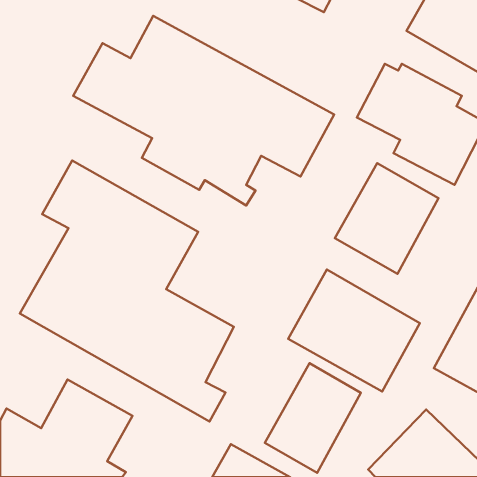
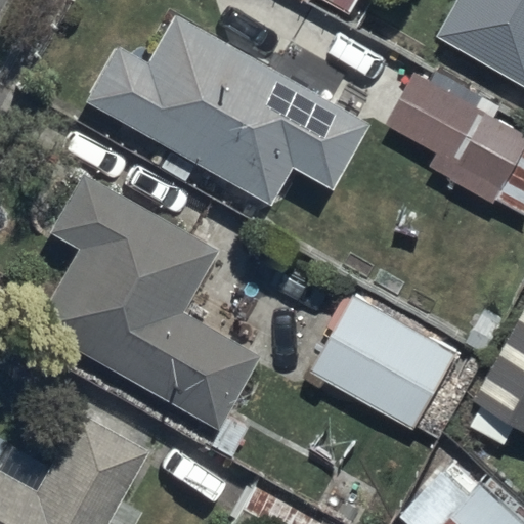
building: [335,163,439,274] -> none
building: [265,363,361,473] -> none

